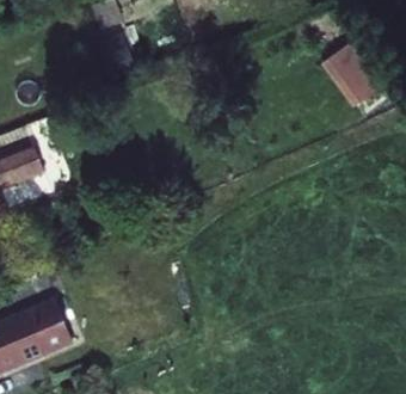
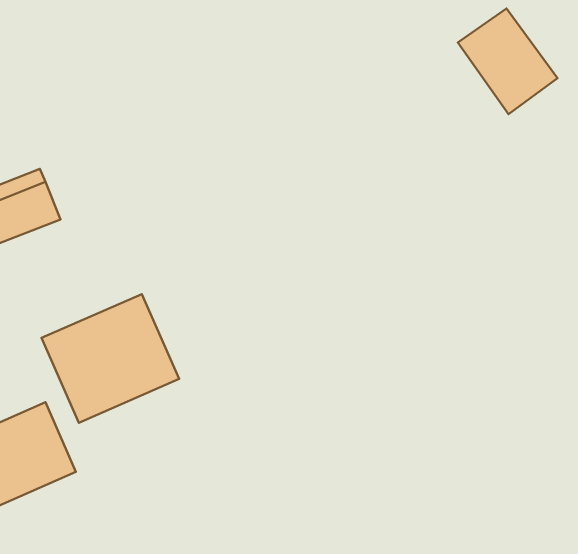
building: none -> [41,294,179,423]

